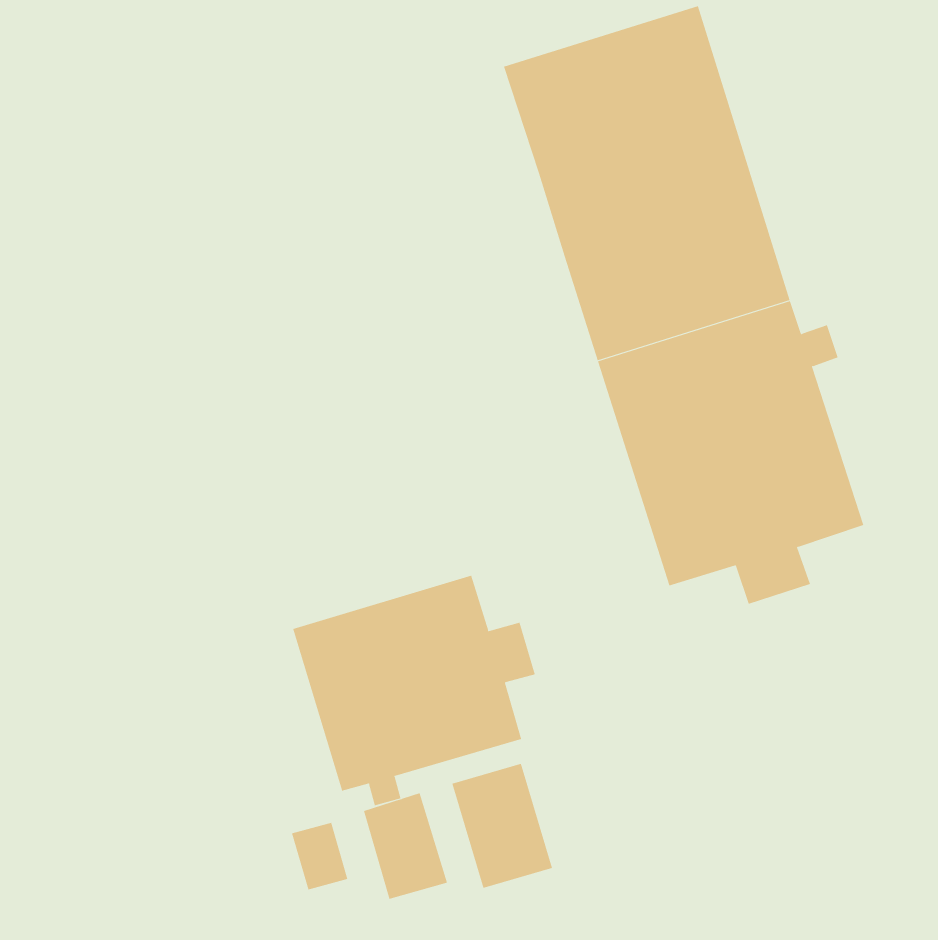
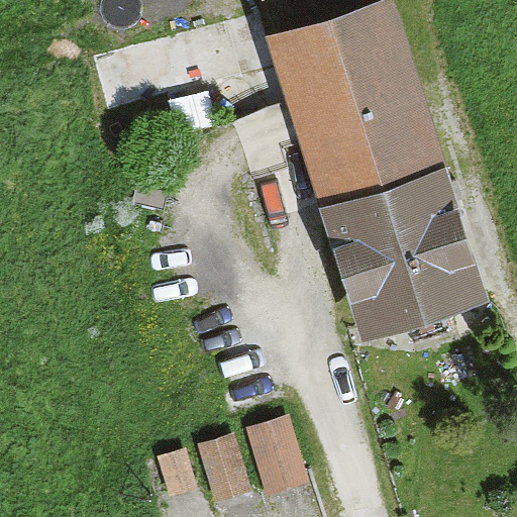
building: [292,575,535,806] -> none

